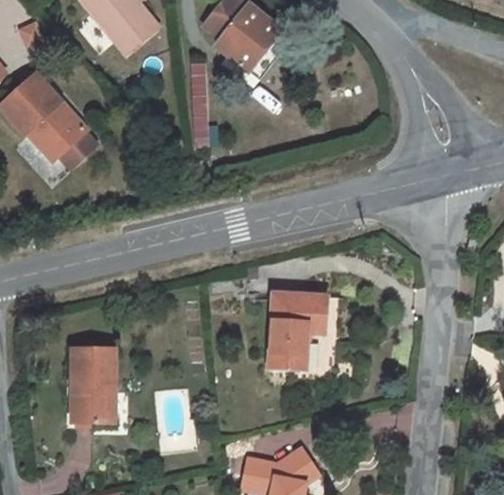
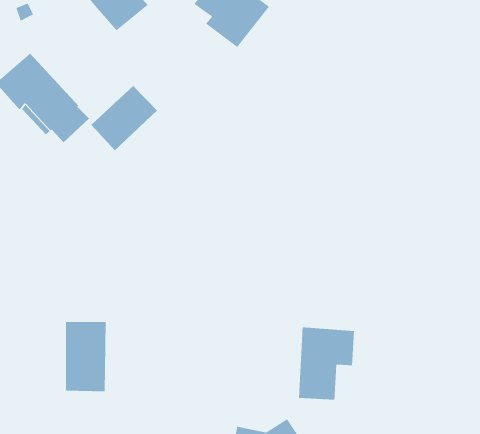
building: none -> [91,85,158,151]
building: [269,293,327,368] -> [298,327,355,400]

